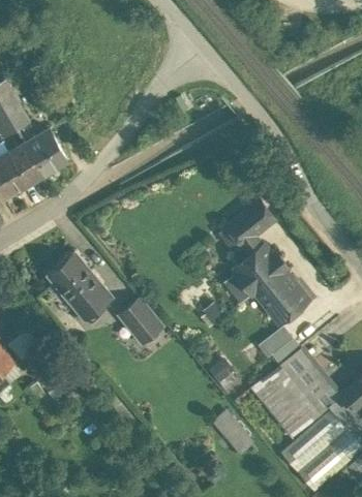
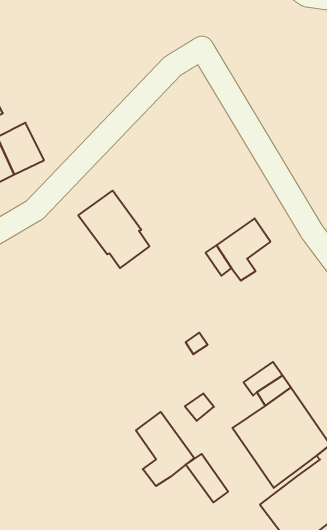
building: [235,246,307,323] -> none
building: [46,252,111,320] -> [78,191,149,268]
building: [118,299,162,344] -> none
building: none -> [136,412,194,486]

